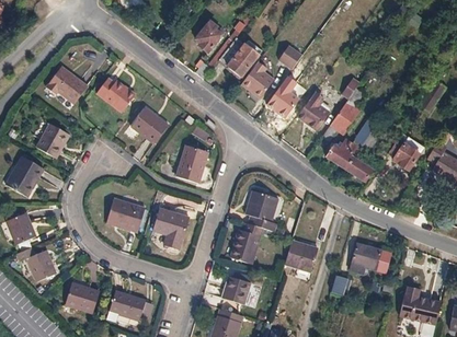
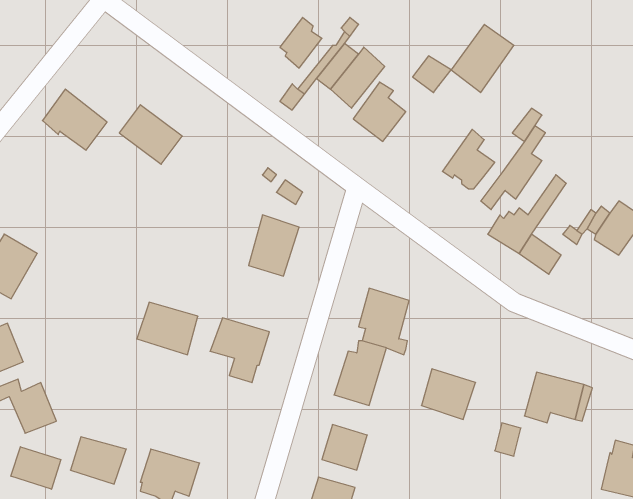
building: [269,74,308,117] -> [451,24,514,93]
building: [132,108,169,143] -> none
building: [36,124,70,159] -> none
building: none -> [11,447,61,489]

